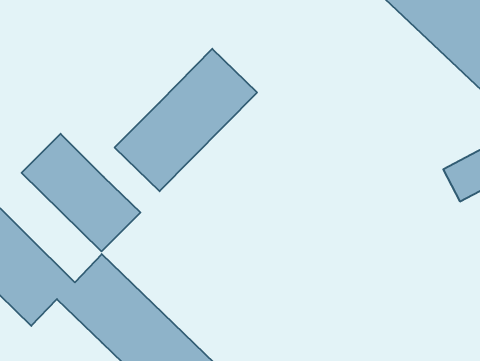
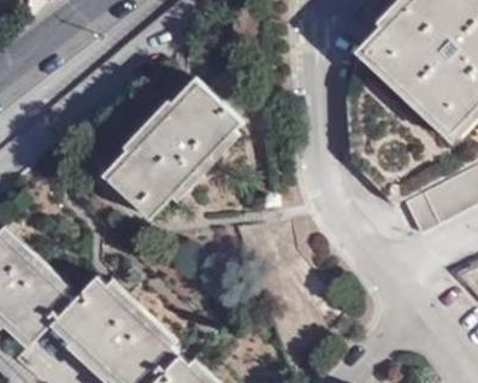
building: [22,134,140,251] -> none

